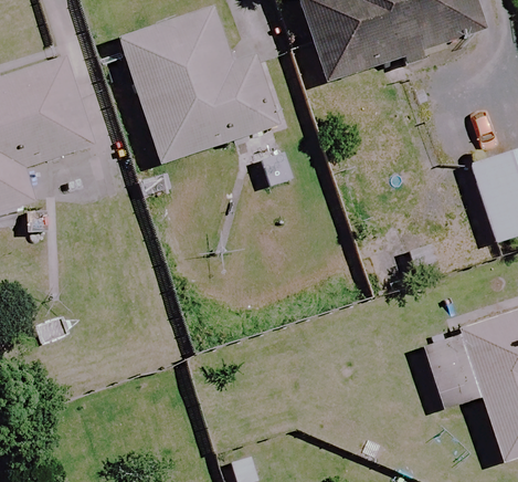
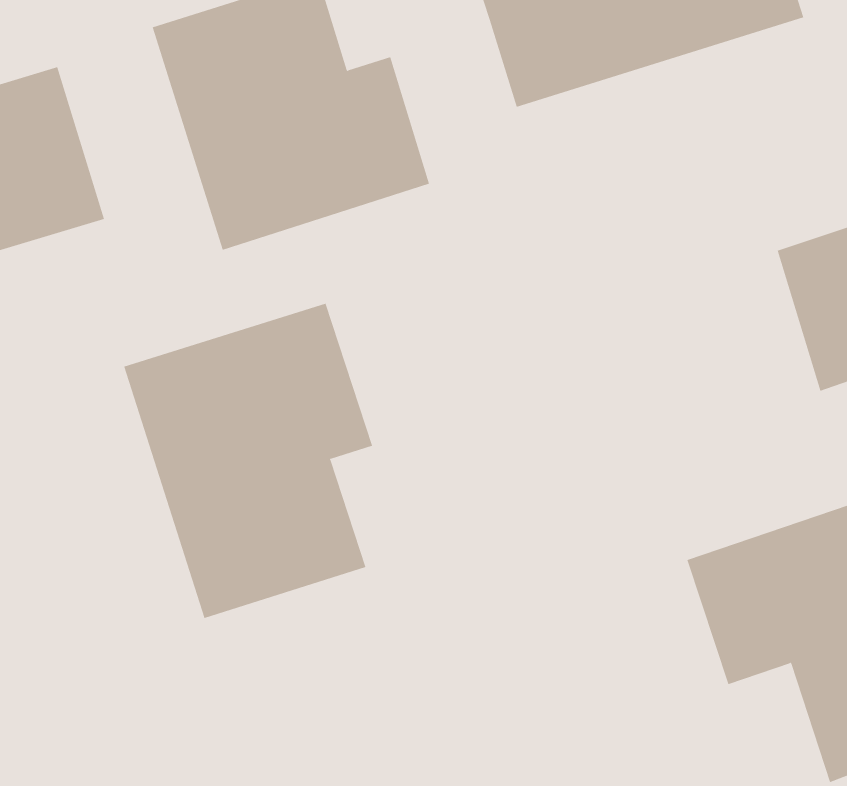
building: none -> [124,303,373,619]

